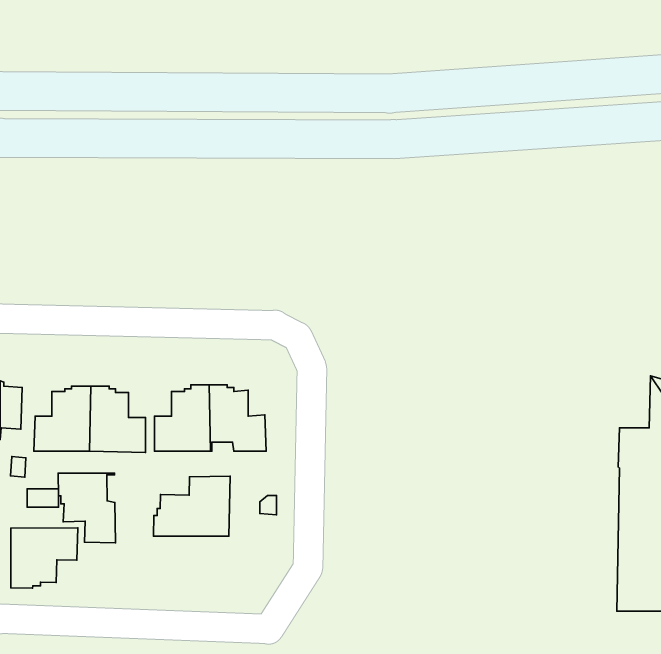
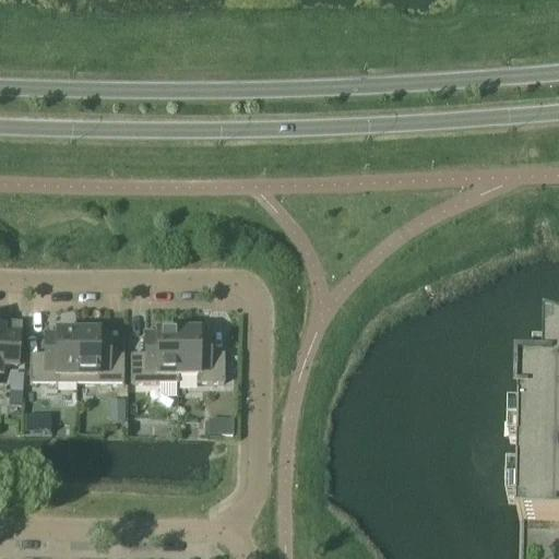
building: [58,473,115,543] -> none
building: [154,476,230,536] -> none
building: [11,528,78,588] -> none

